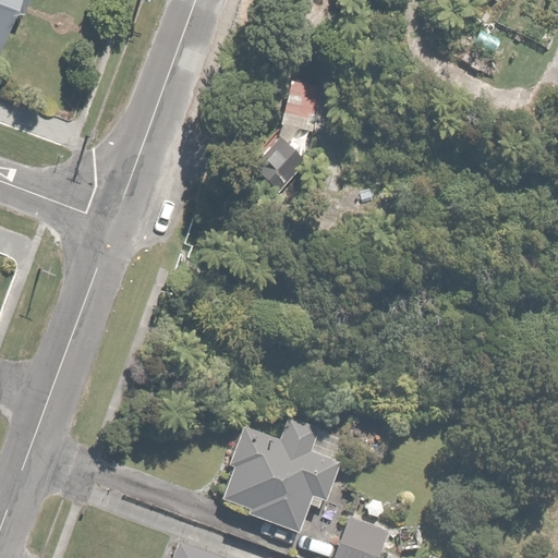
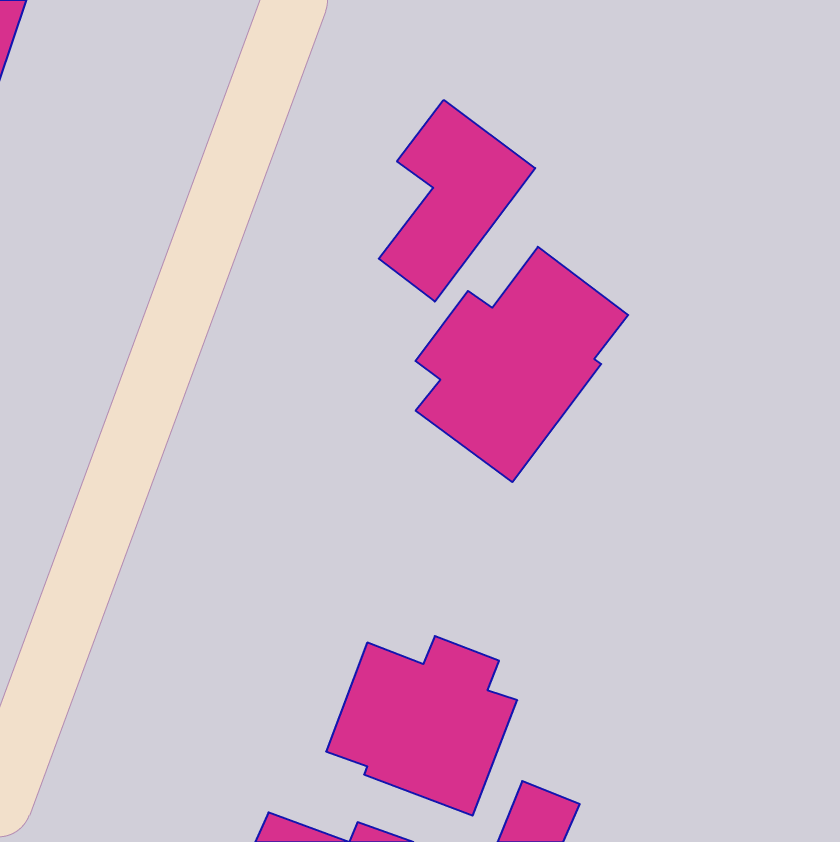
building: none -> [415,247,628,482]

